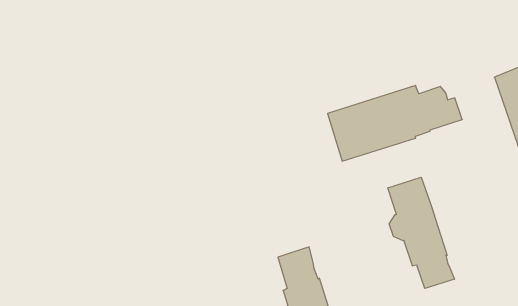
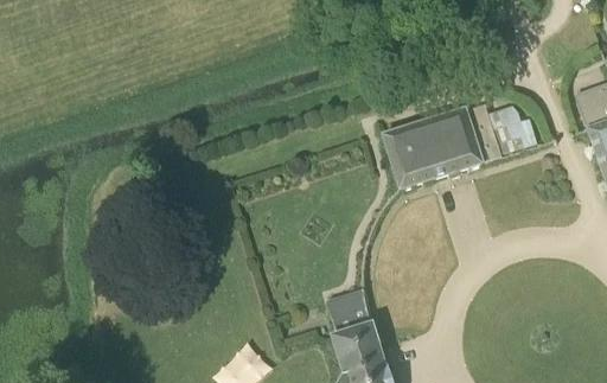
building: [388,177,454,288] -> none

